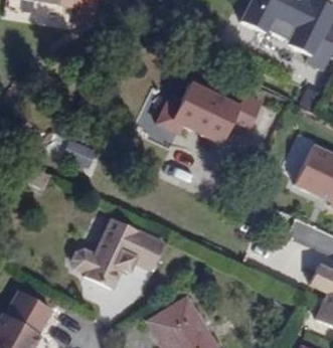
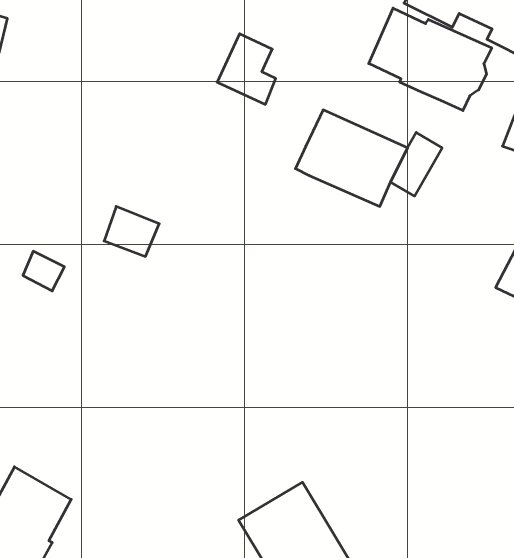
building: none -> [369,8,492,111]
building: [155,96,189,137] -> [217,34,276,104]
building: [73,219,165,292] -> none

